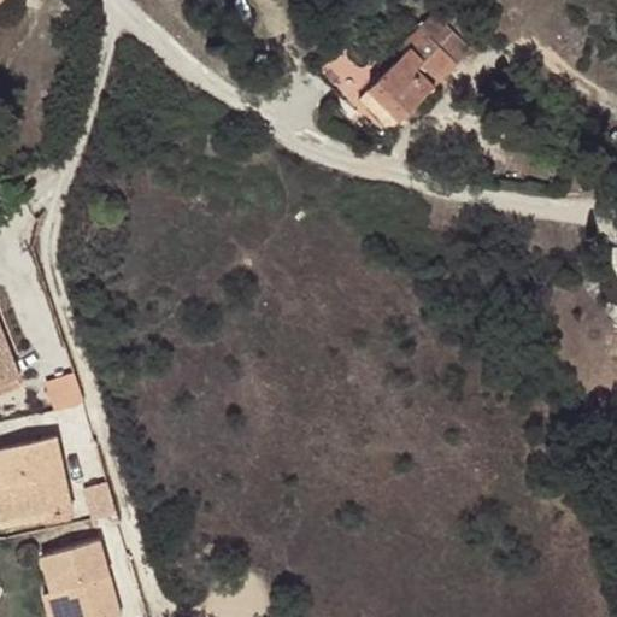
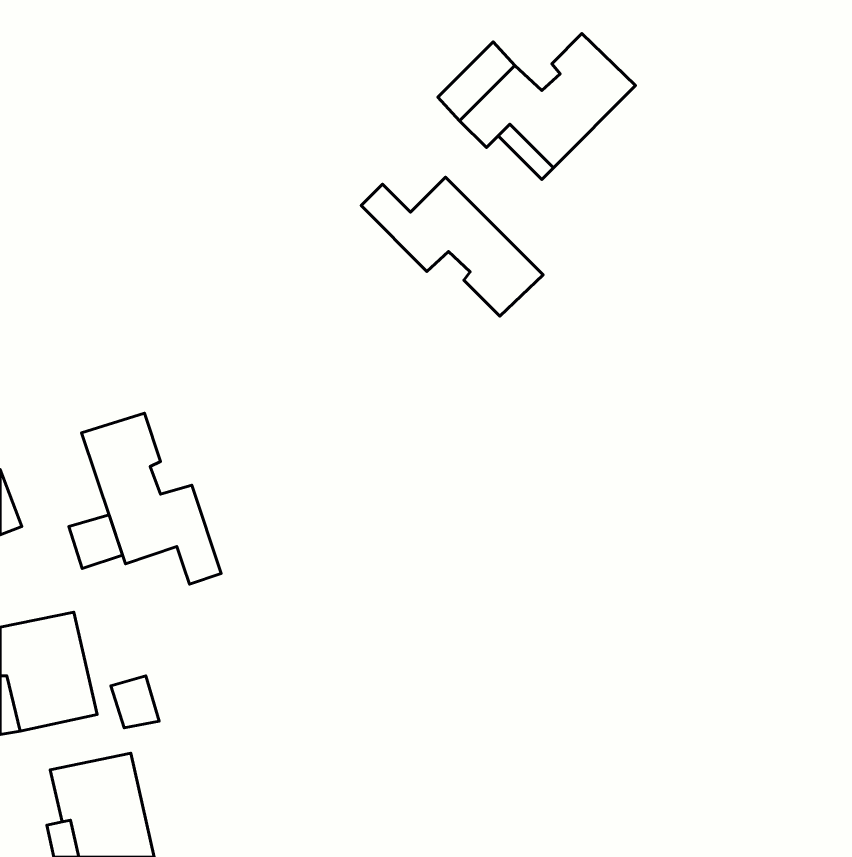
building: none -> [361,177,543,316]
building: none -> [82,413,221,584]

